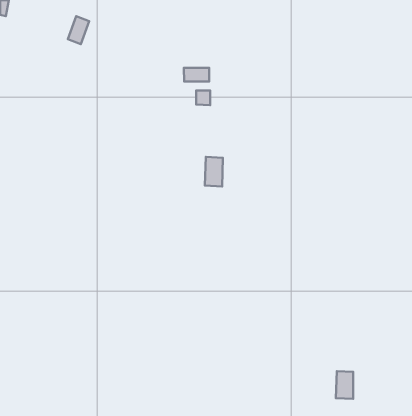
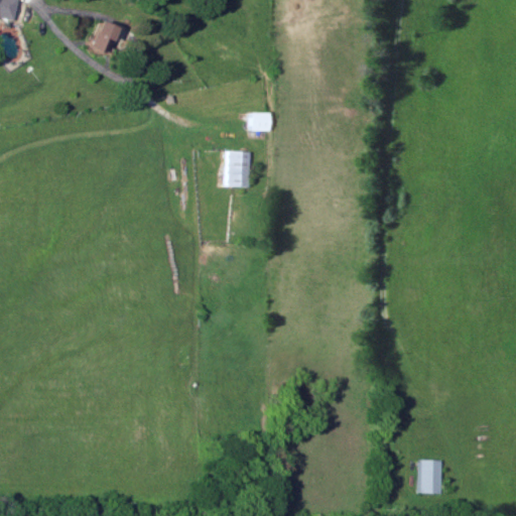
building: [184,68,209,81] -> none
building: [205,157,223,186] -> [226,151,248,187]

